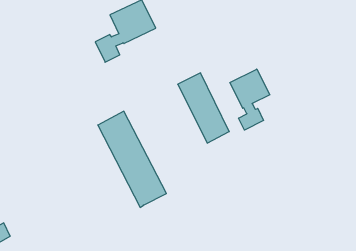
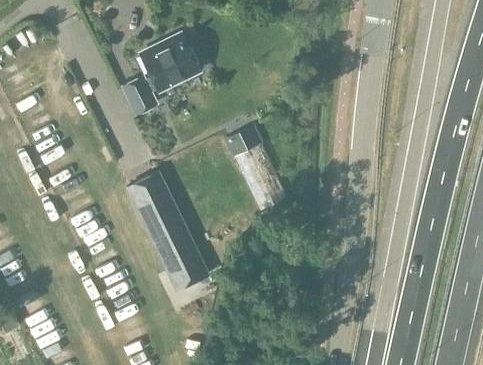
building: [230,69,270,130] -> none

